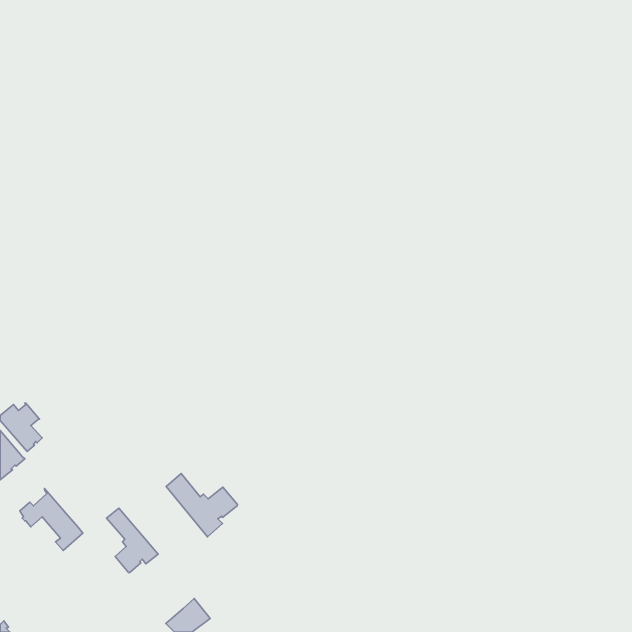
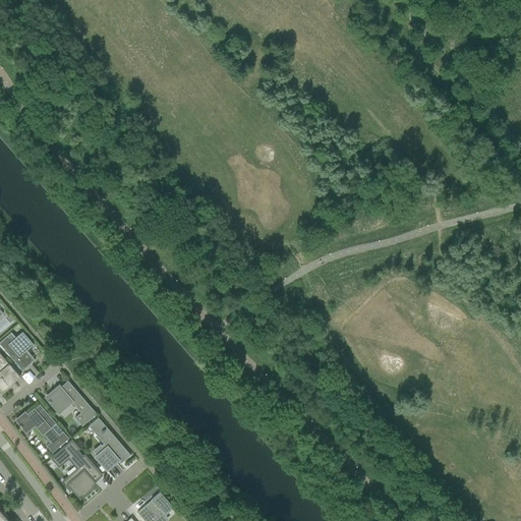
building: none -> [46,382,96,426]
building: [166,473,237,537] -> none
building: none -> [52,442,101,498]

